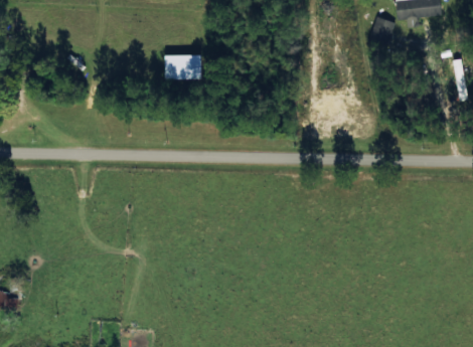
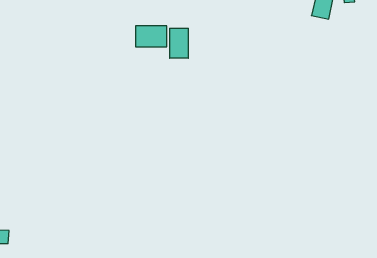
building: none -> [170,28,188,58]

